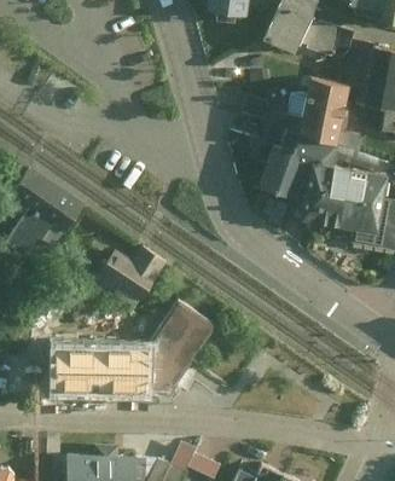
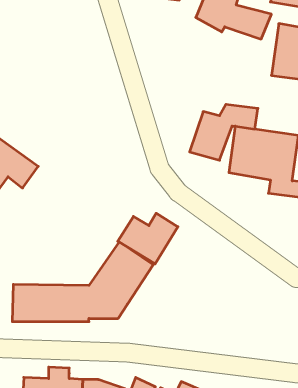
building: [291,80,352,143] -> none
building: [97,247,167,306] -> [118,213,178,264]

